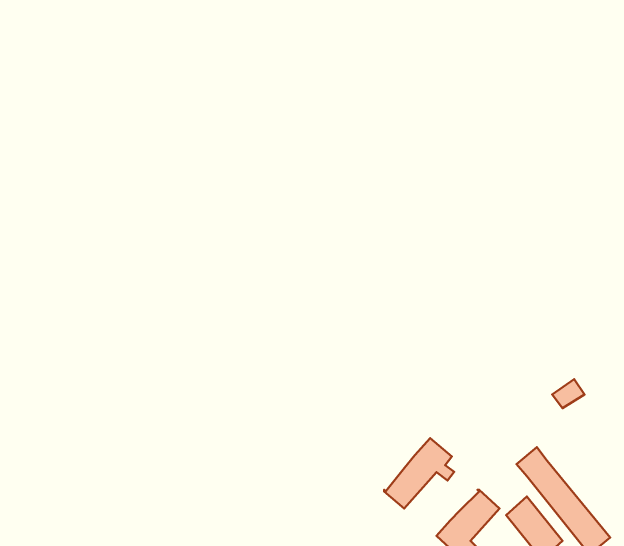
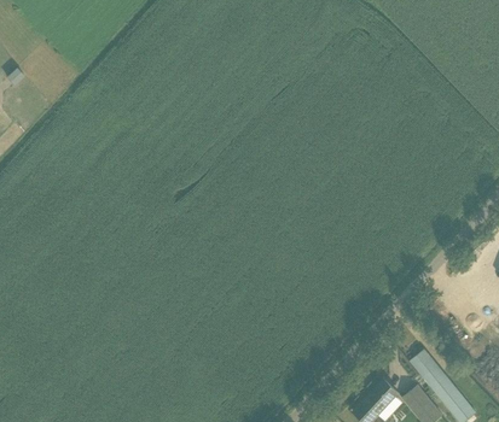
building: [384,438,454,509] -> none

